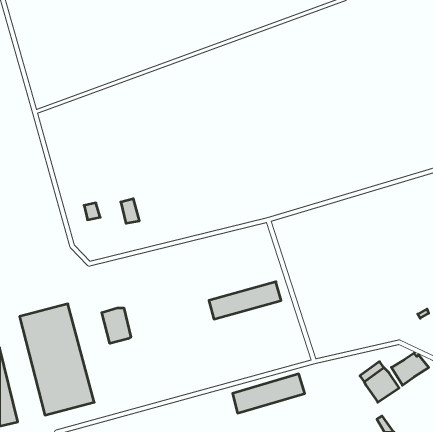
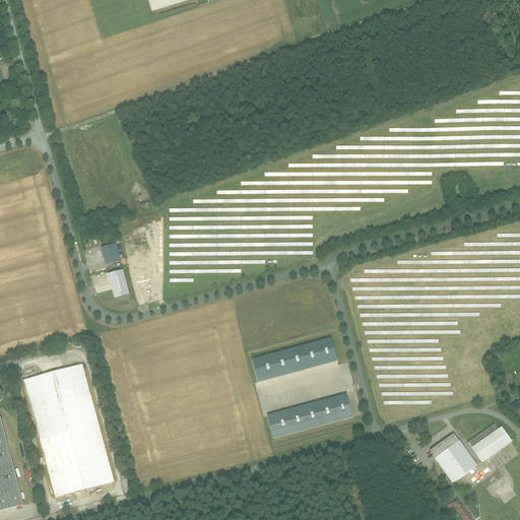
building: [121,199,139,223] -> [108,268,130,298]
building: [102,308,131,343] -> none
building: [233,374,305,413] -> [267,392,353,439]

